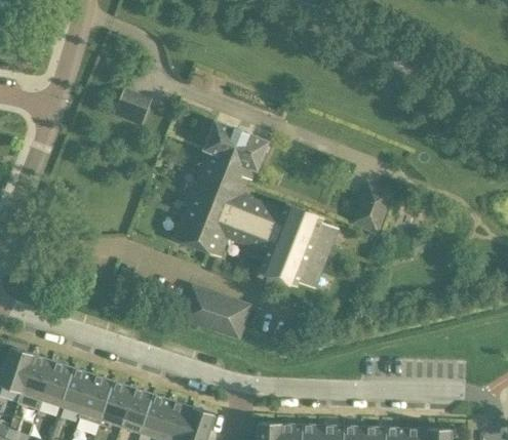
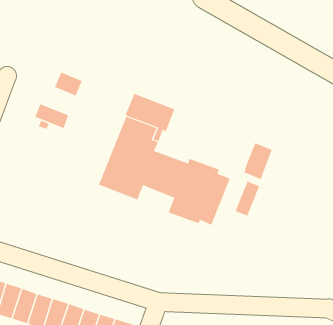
building: none -> [34,104,69,129]
building: none -> [235,181,260,216]
building: [181,285,250,338] -> none

